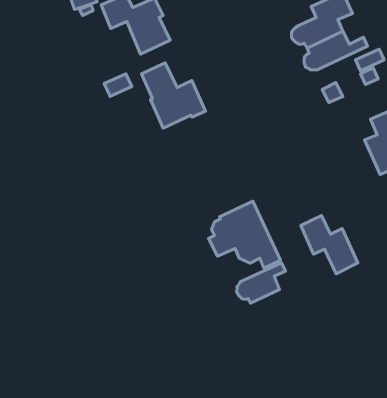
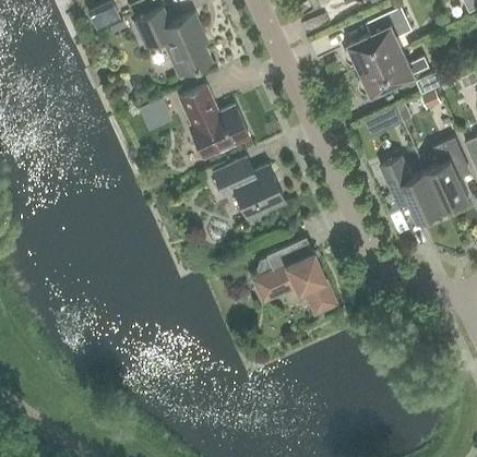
building: none -> [214,158,284,221]
building: [301,216,358,274] -> [380,157,443,221]
building: [237,263,286,303] -> none

